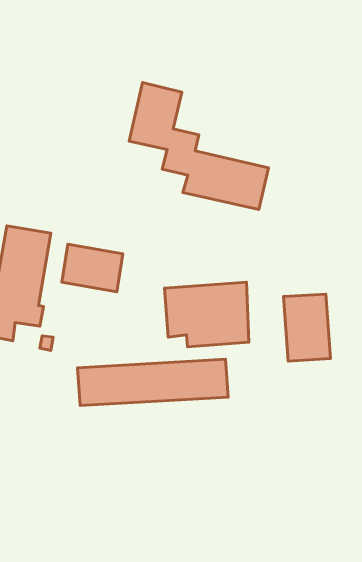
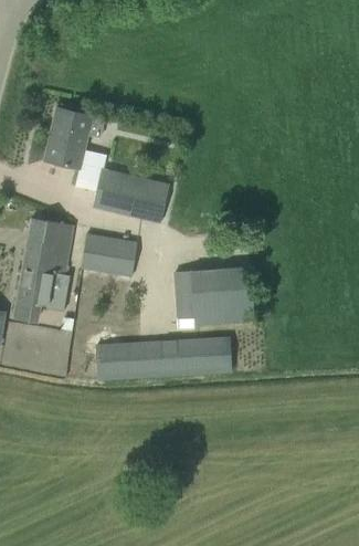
building: [129,82,269,210] -> [44,107,170,222]
building: [283,294,331,361] -> none

